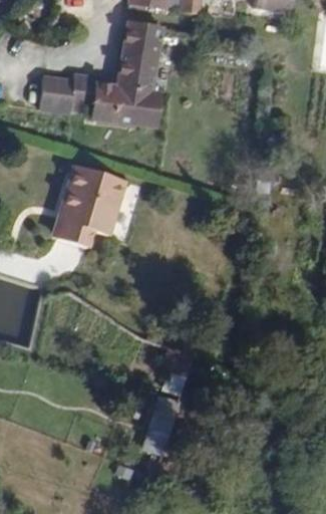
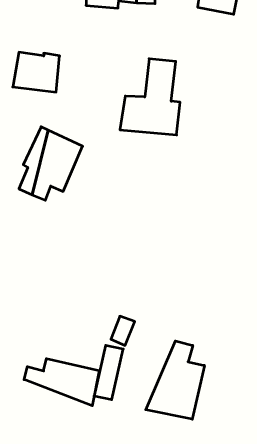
building: [94,27,162,113] -> [120,59,180,135]
building: none -> [146,341,204,419]
building: none -> [24,359,99,406]

